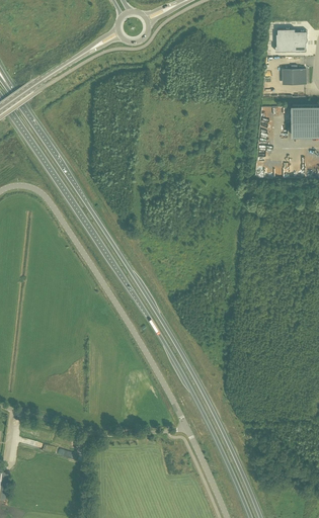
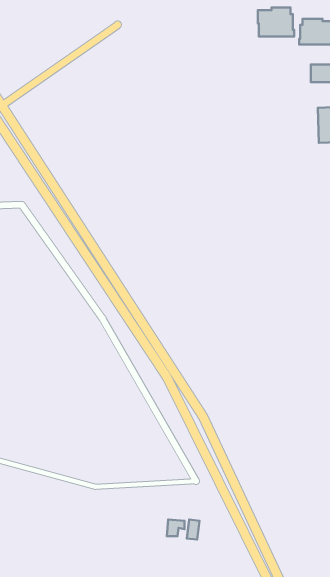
building: none -> [258,8,294,37]

